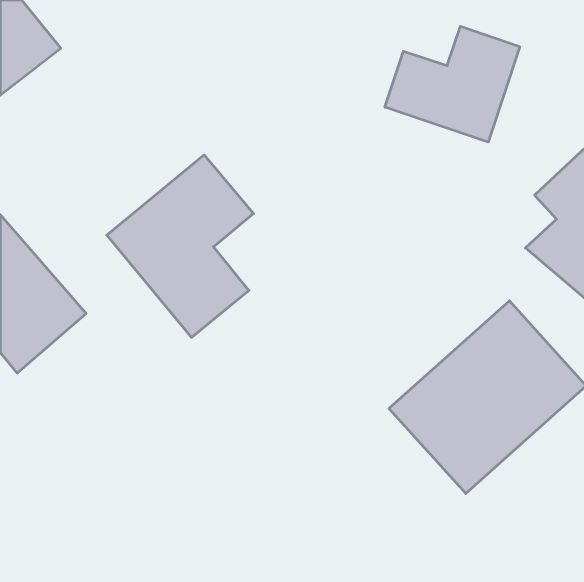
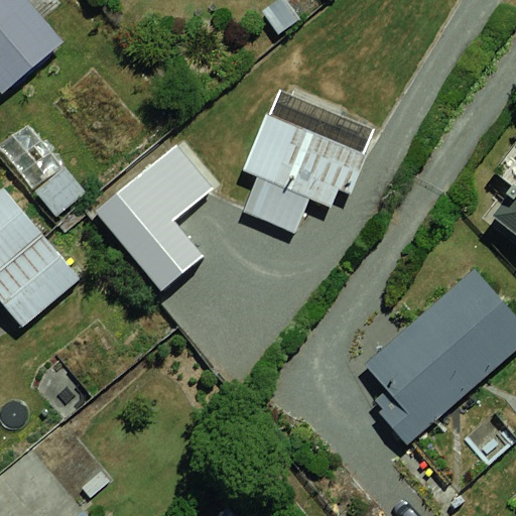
building: [385,26,520,142] -> none
building: none -> [250,104,381,220]

